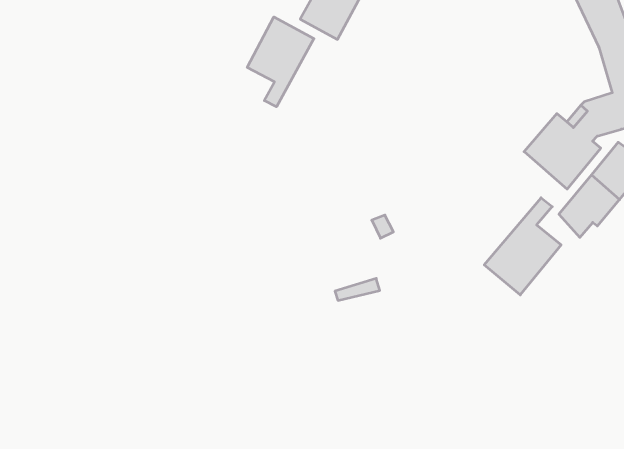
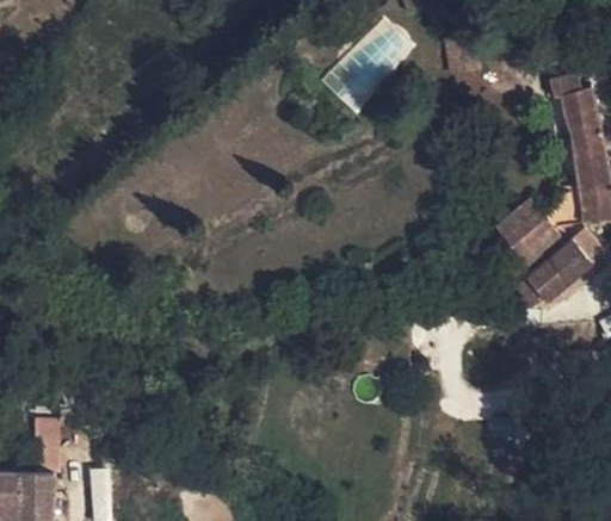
building: [247,17,314,107] -> none
building: [484,198,561,295] -> none

